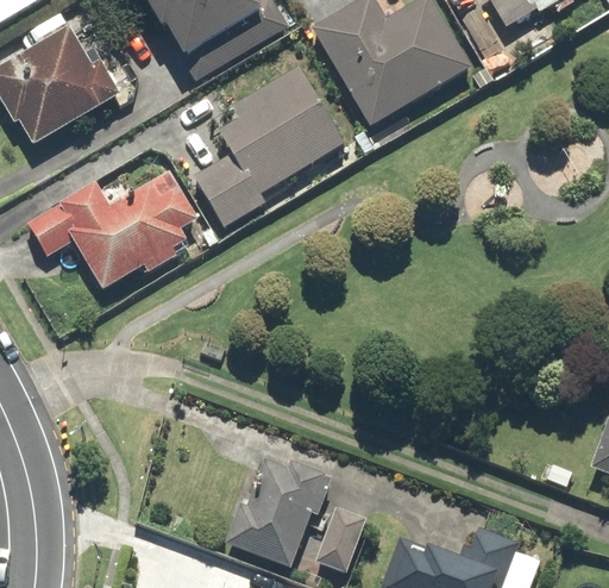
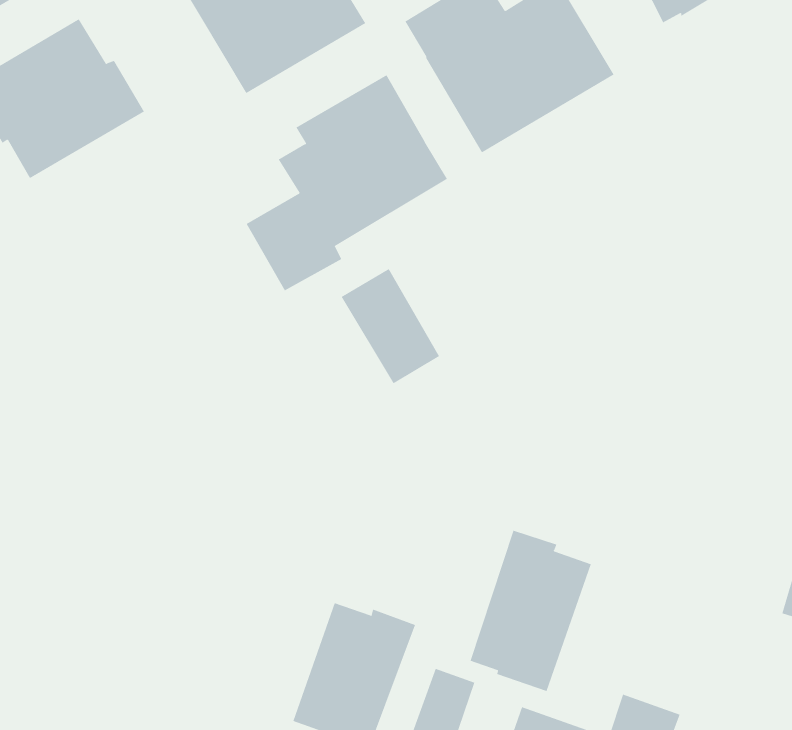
building: [27,170,202,286] -> none
building: none -> [341,268,440,384]
building: none -> [470,530,591,692]

